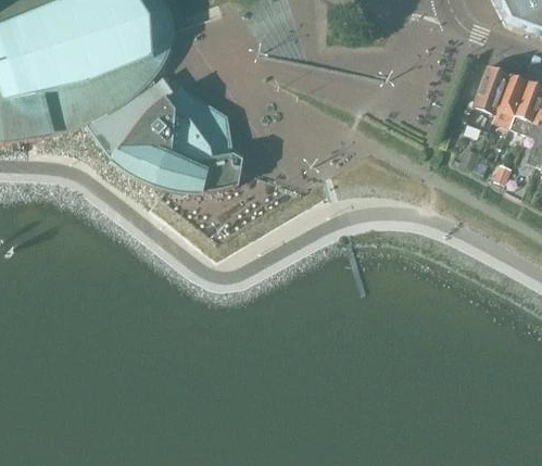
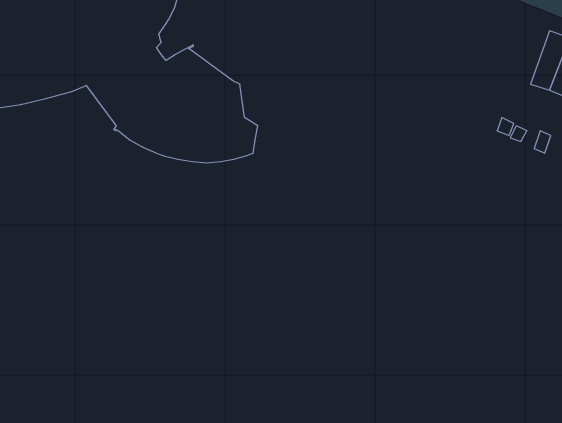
building: [467,64,509,129] -> none

